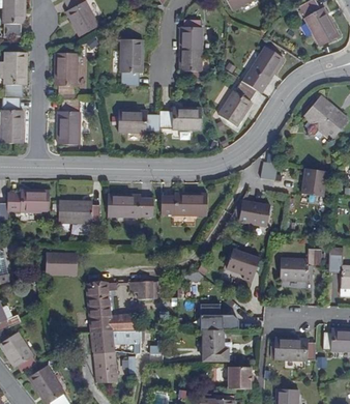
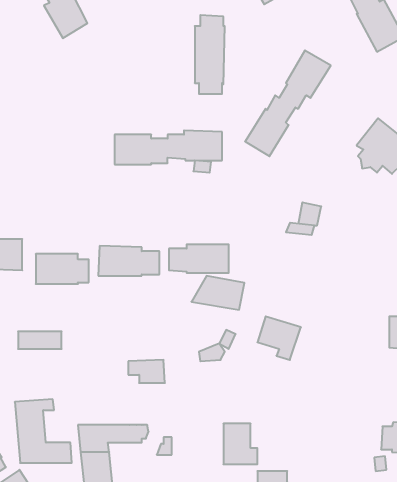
building: [120,38,143,85] -> none
building: [56,53,81,144] -> none
building: [300,169,326,197] -> none
building: [229,201,269,227] -> [191,276,244,310]
building: [280,250,320,282] -> none
building: [87,283,130,331] -> [15,399,72,463]
building: [200,302,240,327] -> none
building: [273,338,315,362] -> none

